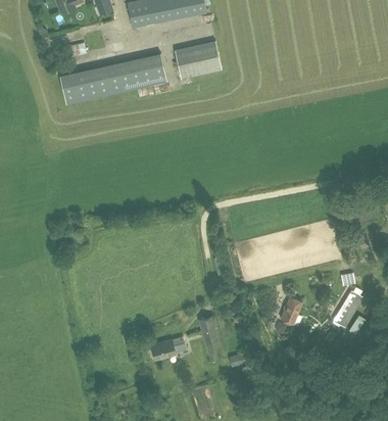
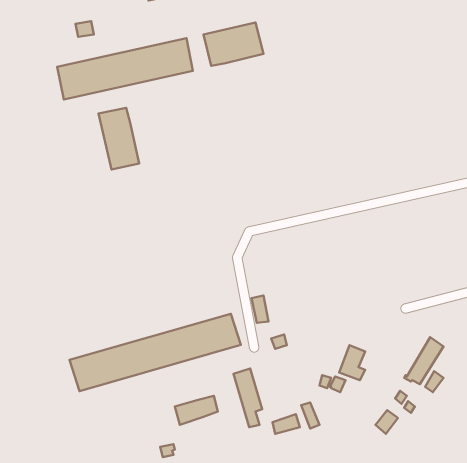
building: none -> [98,108,139,169]
building: none -> [70,314,241,391]

